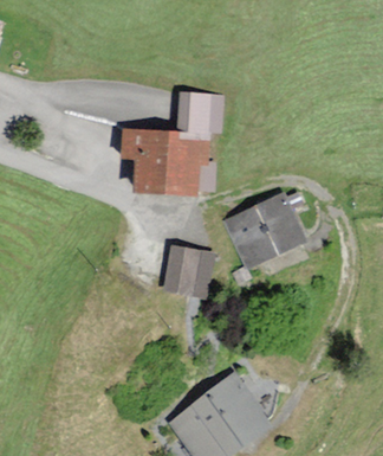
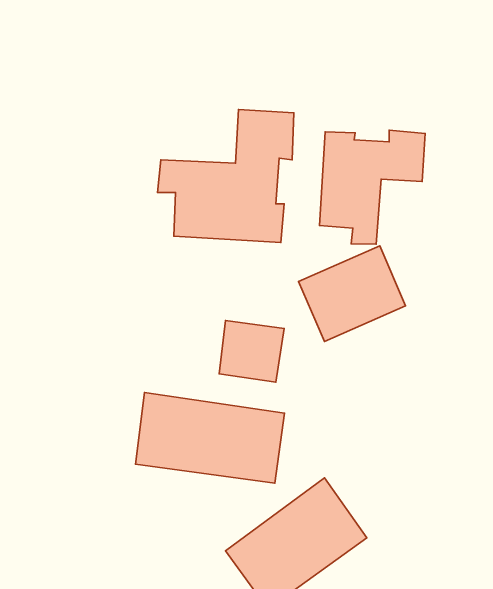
building: none -> [319,130,425,244]
building: none -> [136,392,285,483]

